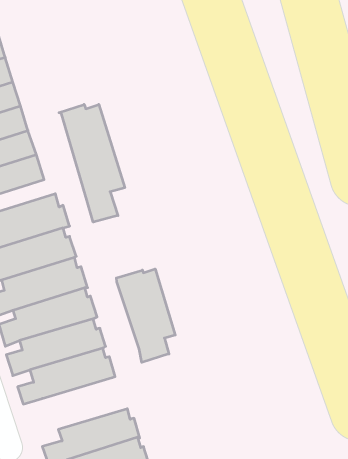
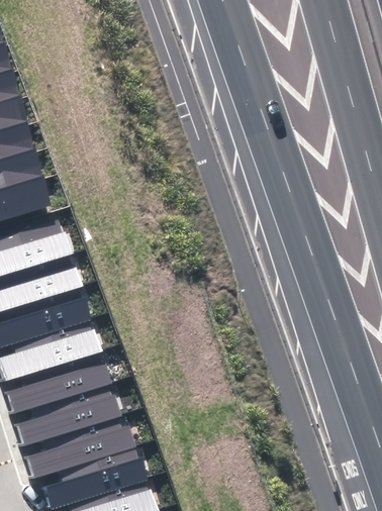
building: [59,104,125,222] -> none
building: [116,269,175,362] -> none
building: none -> [28,415,138,479]

